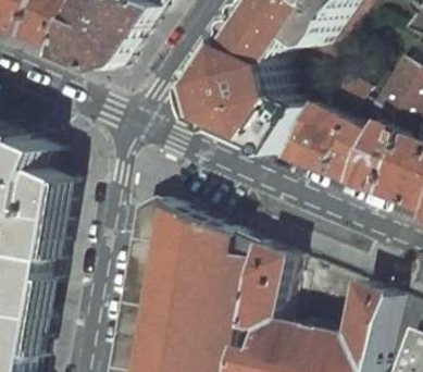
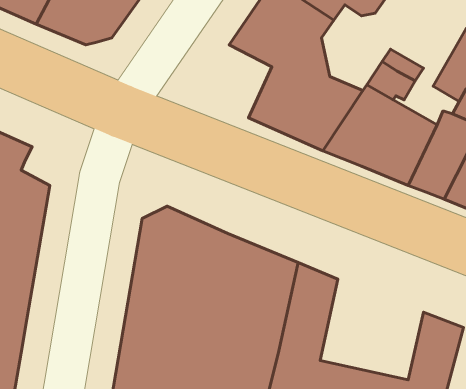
building: [195,72,240,129] -> none

